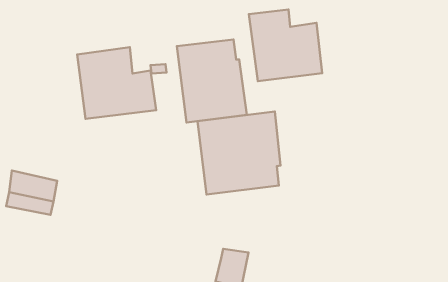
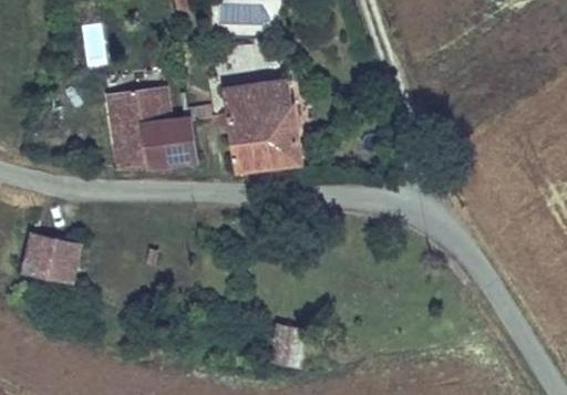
building: [249,10,322,81] -> none
building: [197,112,280,195] -> none

